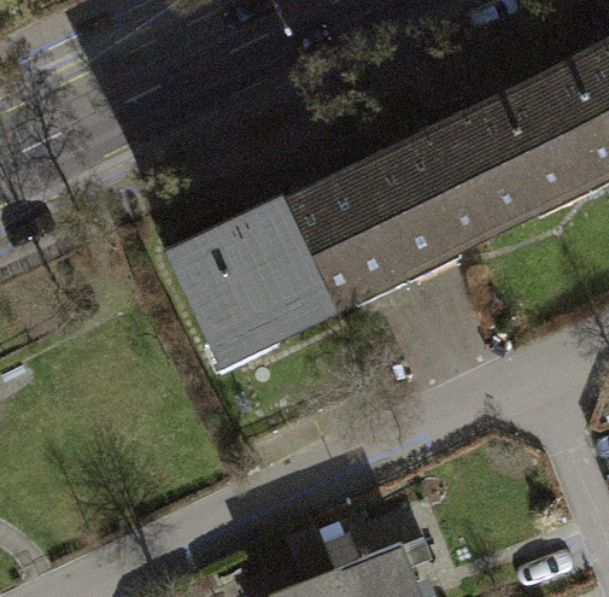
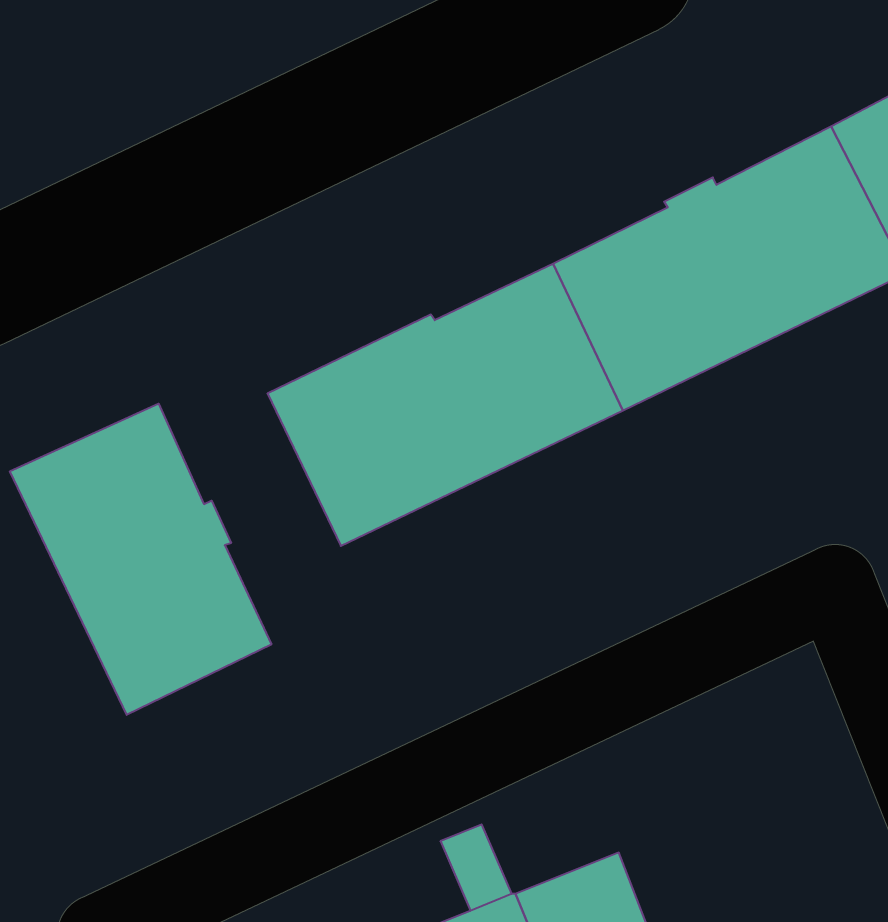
building: none -> [10,404,271,715]

